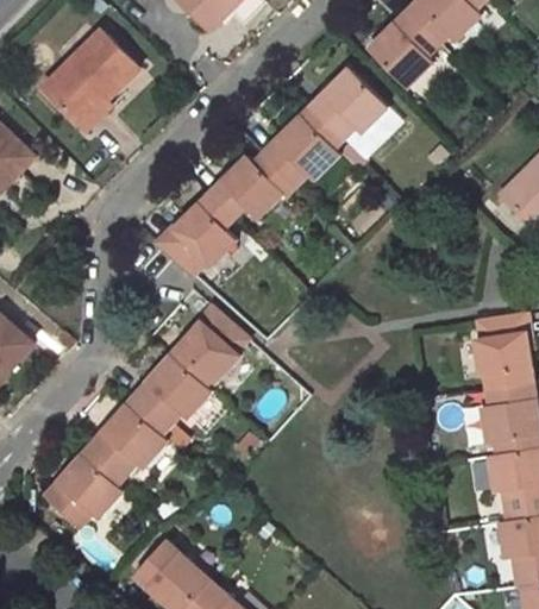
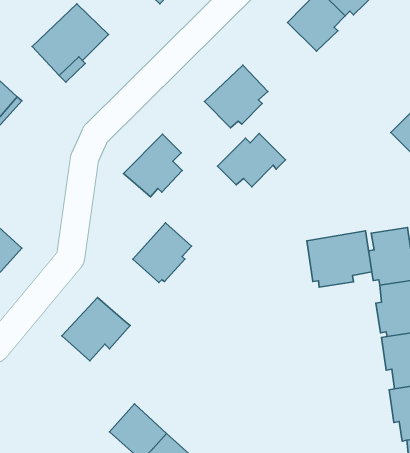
building: [312,73,383,140] -> none
building: [209,153,296,221] -> [217,134,285,187]
building: none -> [307,231,372,287]
building: [126,354,212,434] -> none
building: [43,452,123,526] -> none

